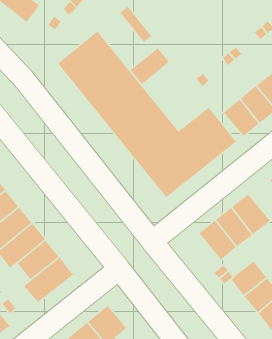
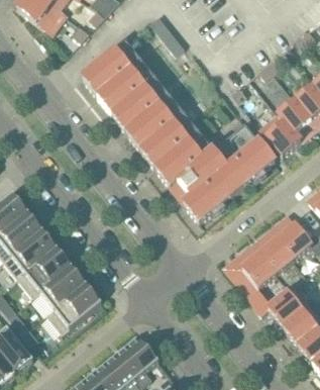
building: [129,47,170,85] -> none

